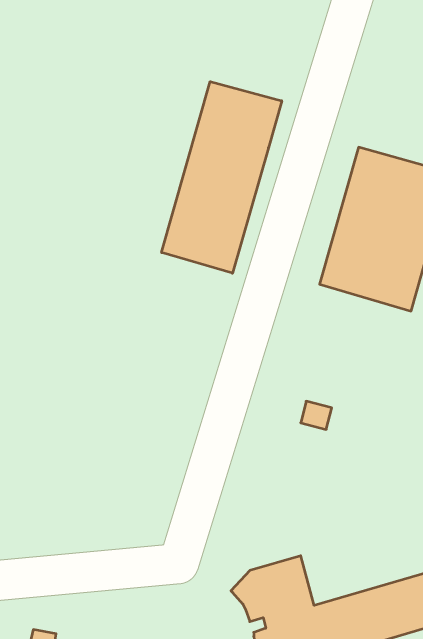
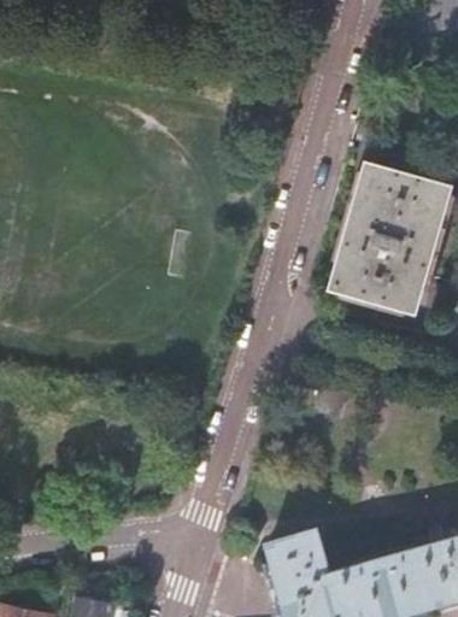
building: [162,82,282,273] -> none

